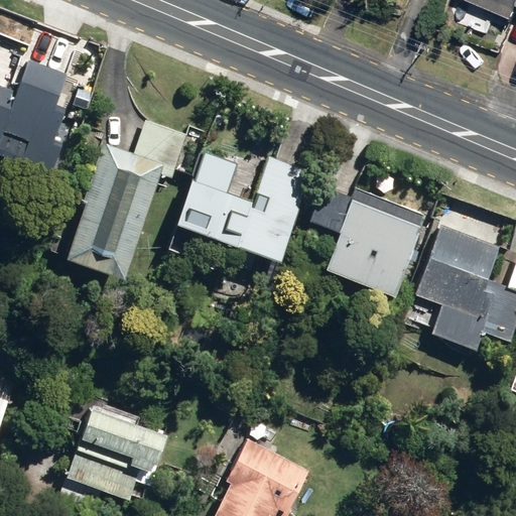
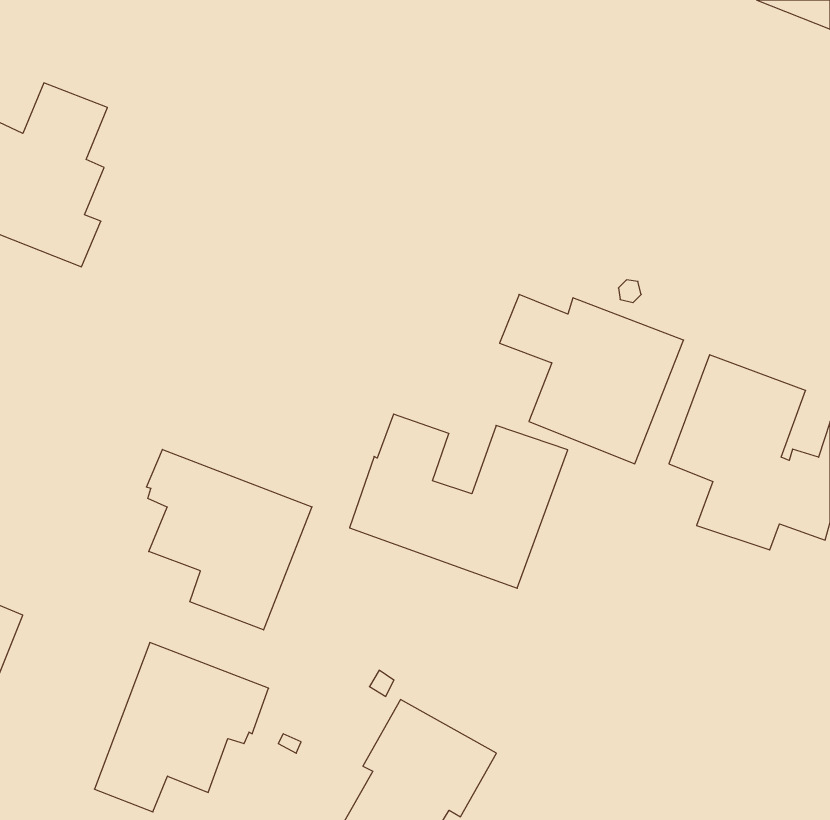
building: [67,123,186,272] -> none
building: [176,151,311,259] -> [350,414,568,588]
building: none -> [146,449,312,630]

